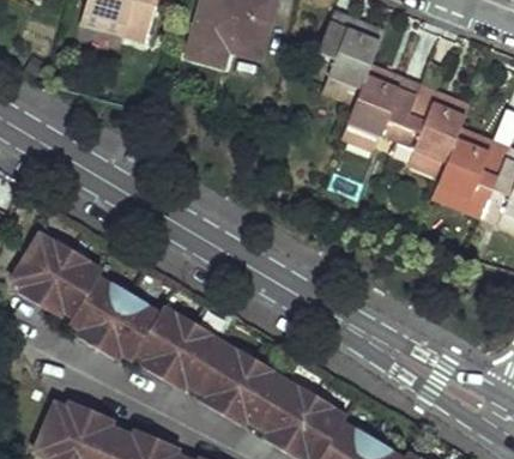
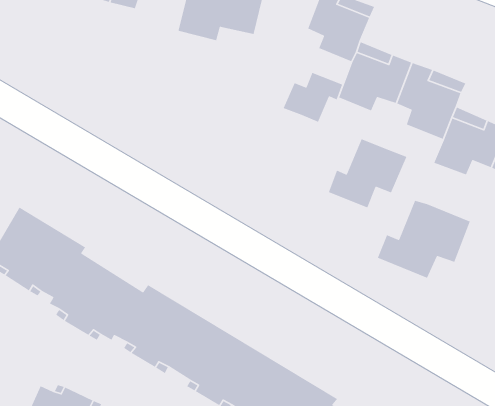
building: none -> [283,72,343,123]
building: none -> [328,138,407,208]
building: none -> [377,200,471,279]

